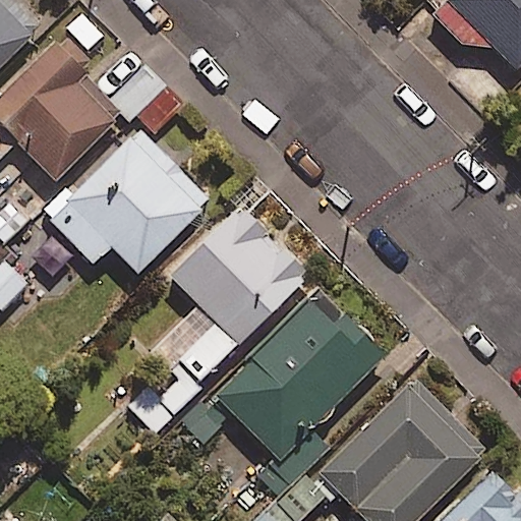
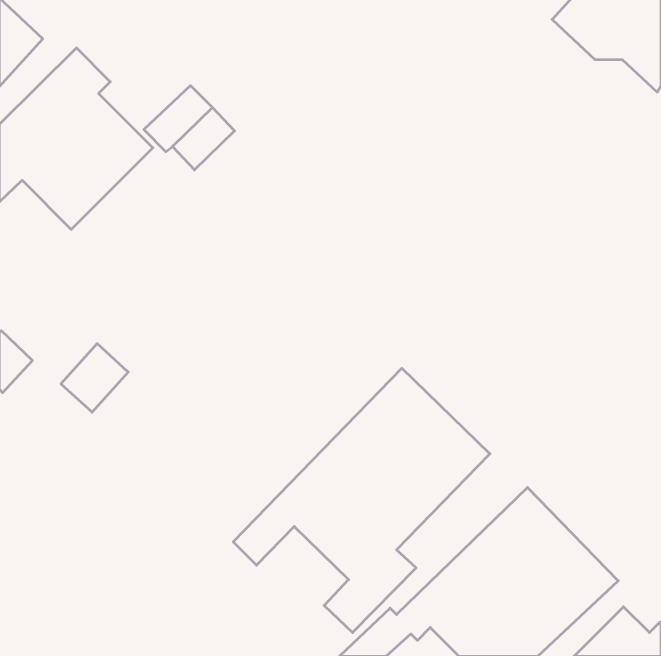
building: [48,129,209,275] -> none
building: [147,208,307,415] -> none

